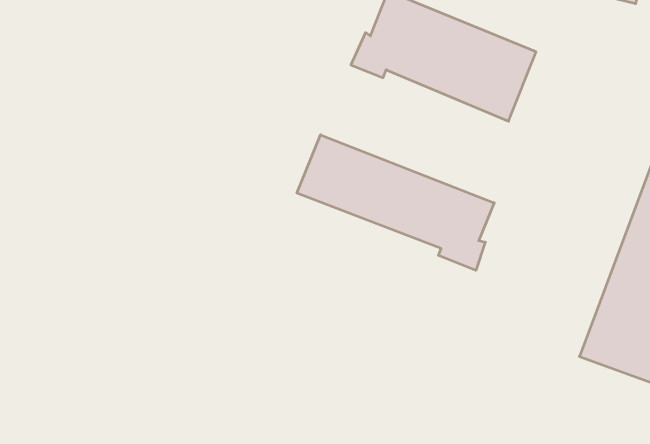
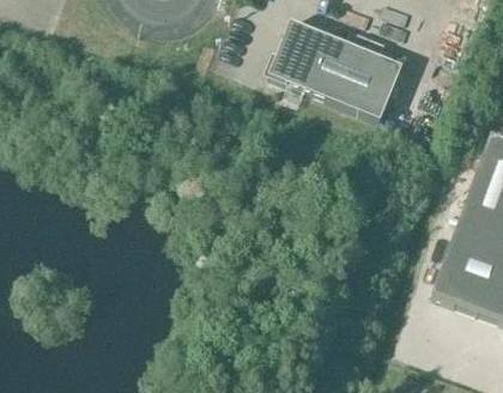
building: [297,135,494,270] -> none

